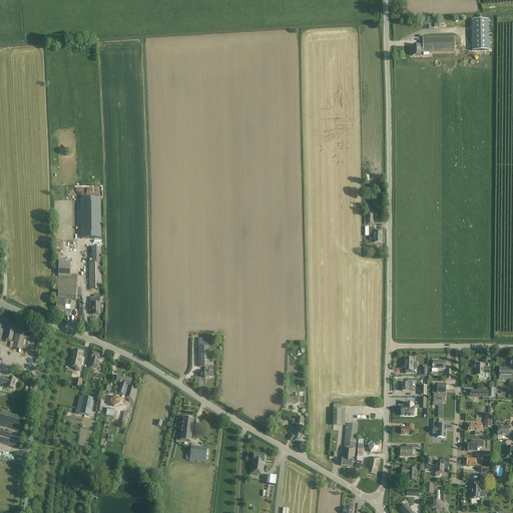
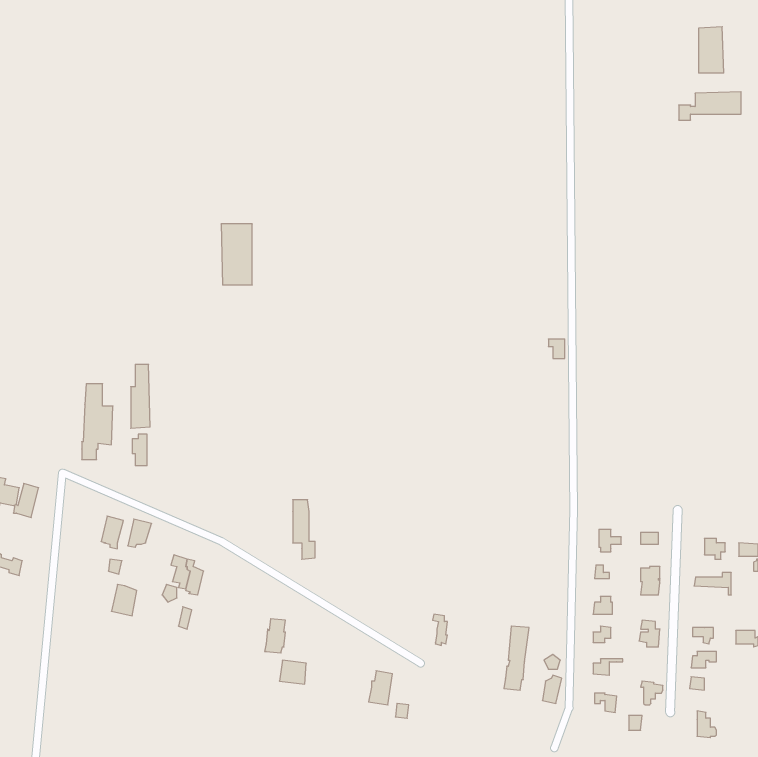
building: [411,35,453,54] -> [679,92,741,120]
building: [81,194,102,235] -> [221,224,252,285]

